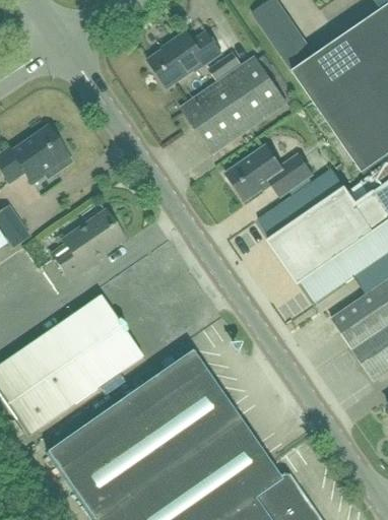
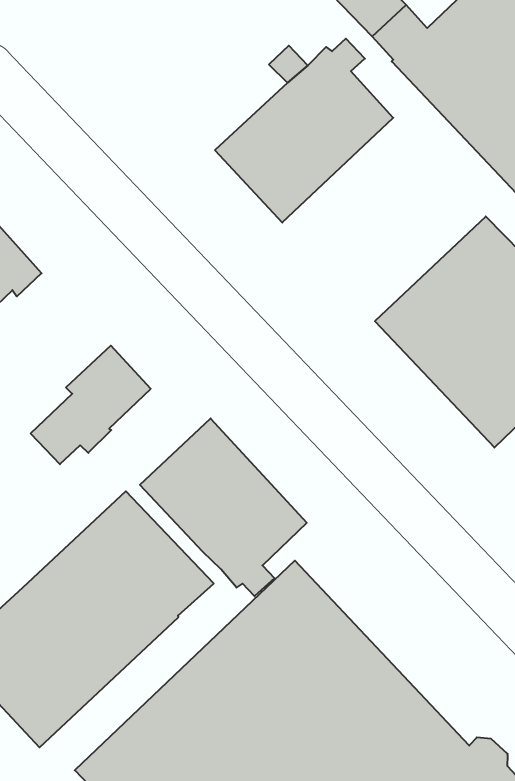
building: [149,30,222,87] -> none
building: [228,144,313,200] -> none
building: none -> [140,418,307,596]

